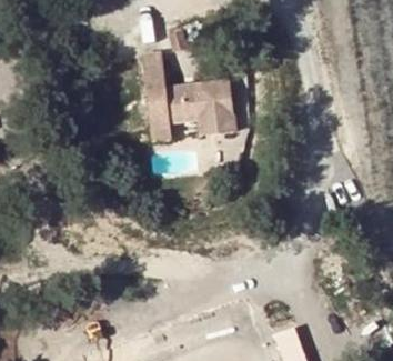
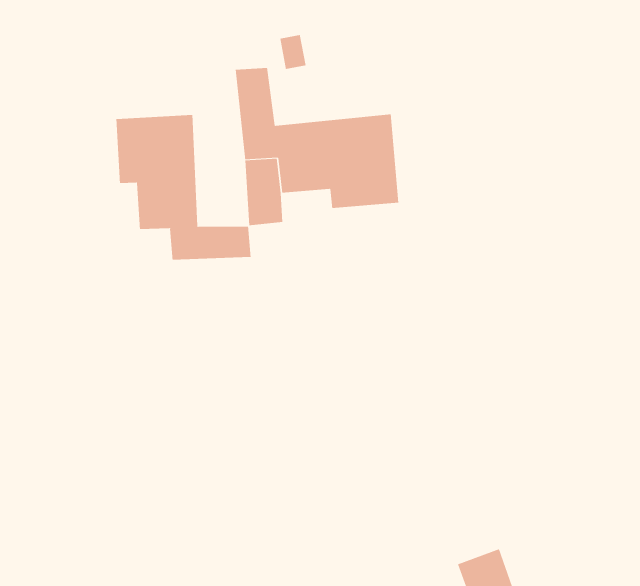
building: none -> [116,114,251,260]

